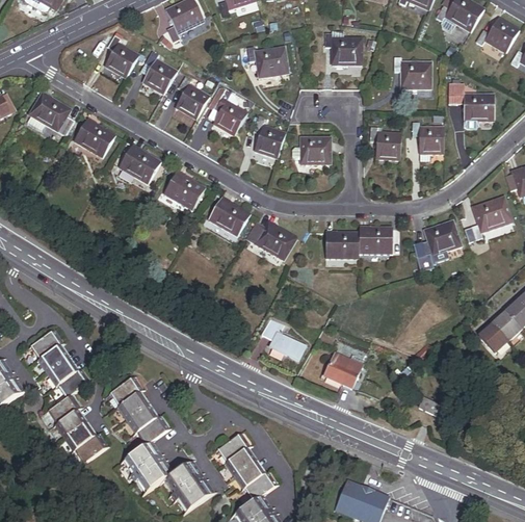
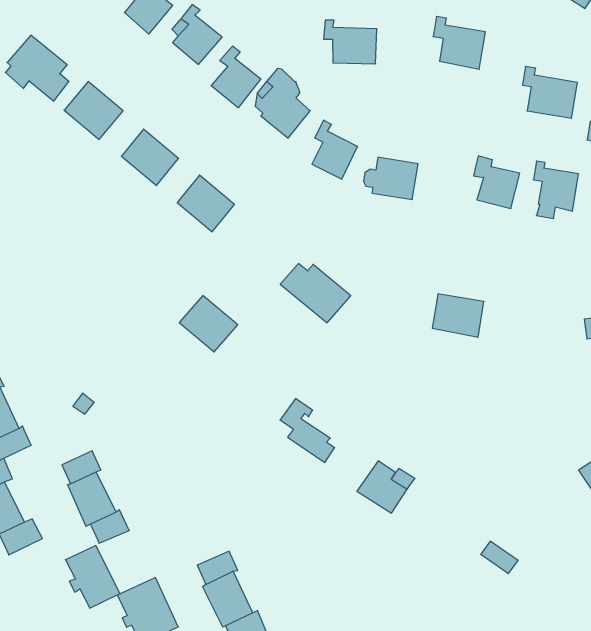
building: [208,197,250,235] -> [179,296,238,352]
building: [422,219,460,262] -> none
building: [325,232,358,257] -> none

